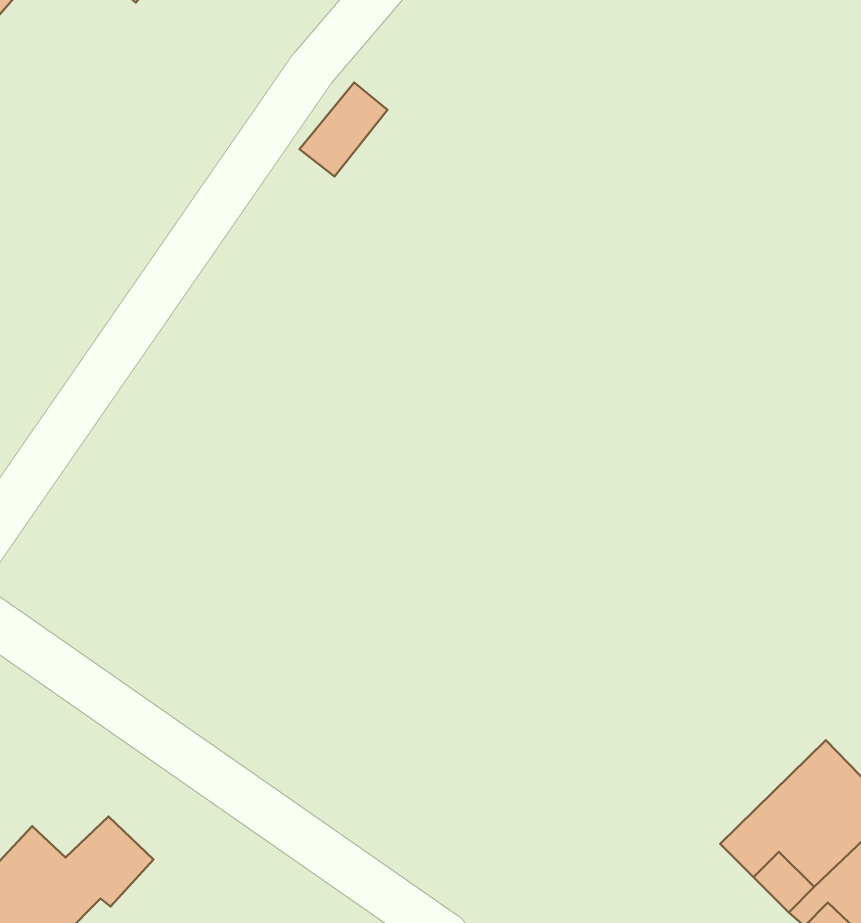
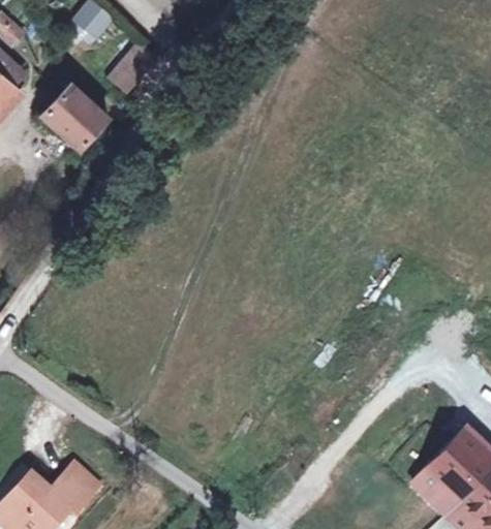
building: [299,83,387,176] -> [109,42,155,92]
building: none -> [41,84,106,146]

